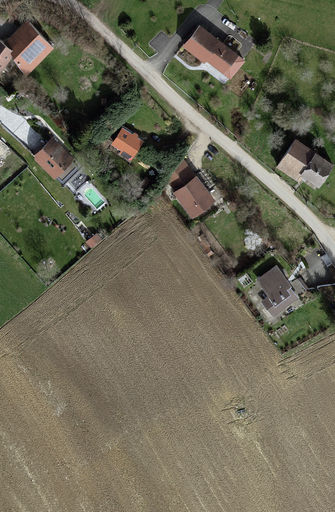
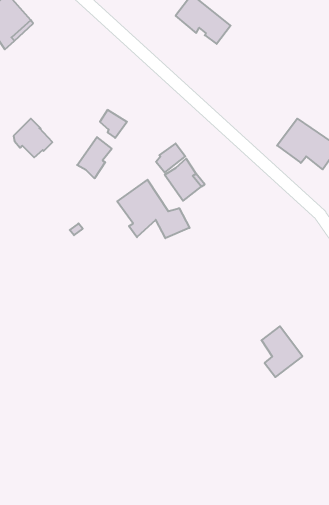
building: none -> [77,137,112,178]
building: none -> [117,180,190,238]
building: [257,271,295,318] -> [261,326,302,377]

